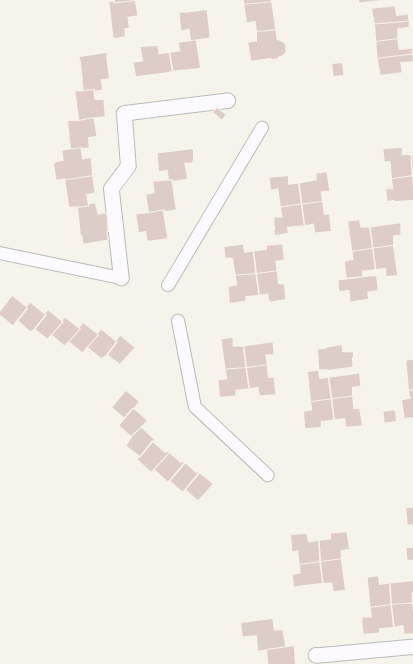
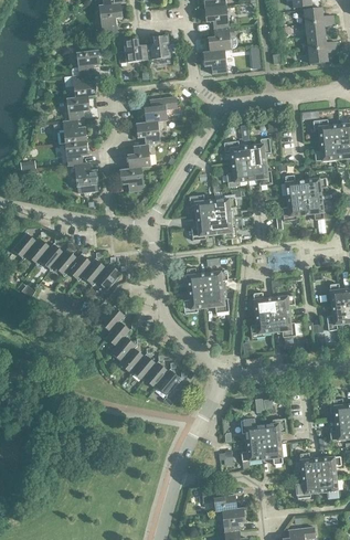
building: [179,9,210,41] -> [202,49,226,73]
building: none -> [144,96,177,121]
building: [338,275,378,303] -> none
building: [317,345,354,371] -> none

